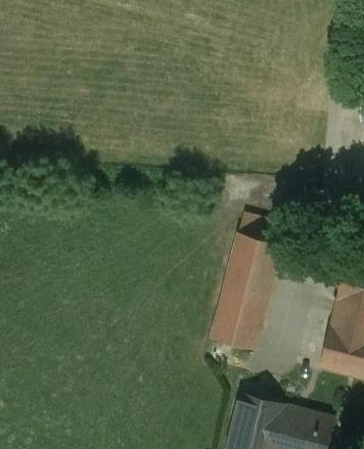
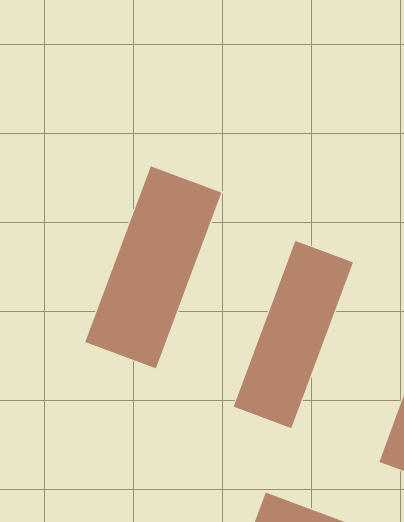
building: none -> [84,165,222,369]

